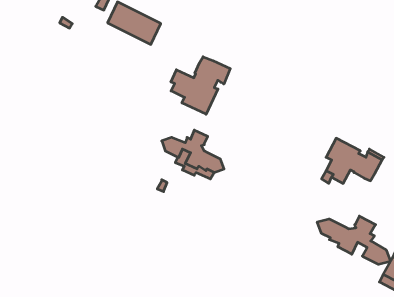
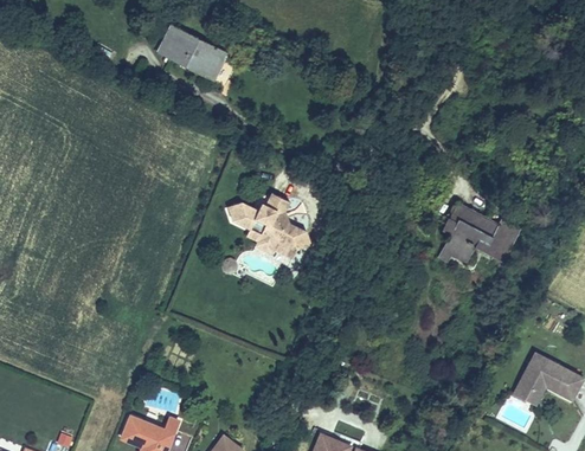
building: [171,57,230,114] -> none
building: [317,216,390,264] -> none

